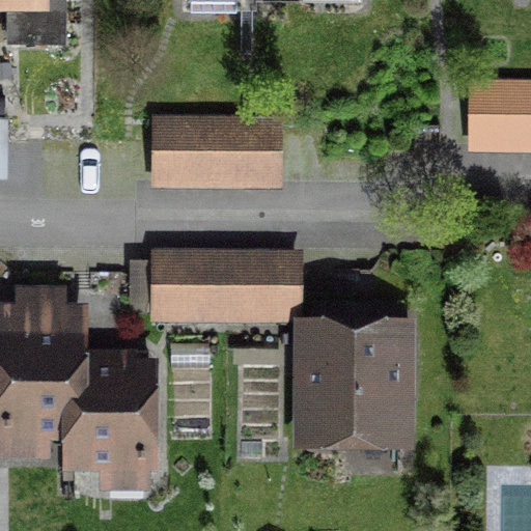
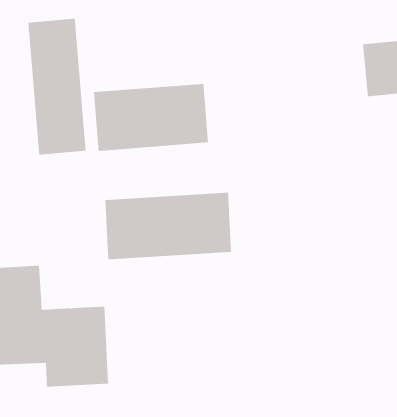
building: none -> [28,18,86,156]
building: [298,329,421,462] -> none

